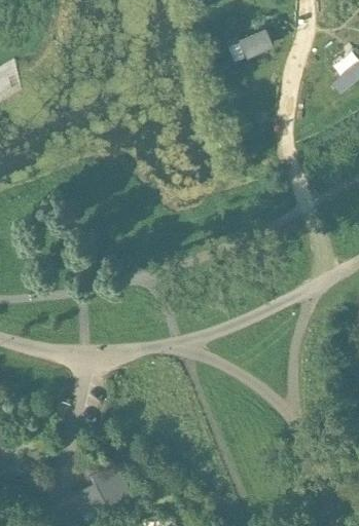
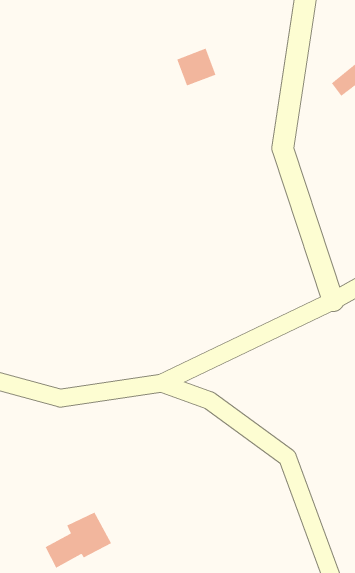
building: [238,24,274,59] -> [176,48,216,87]

